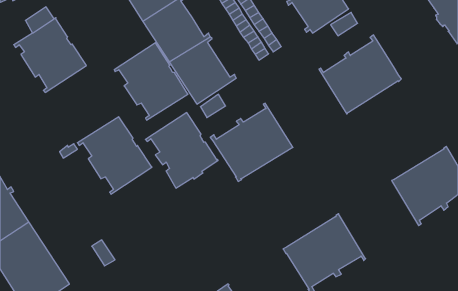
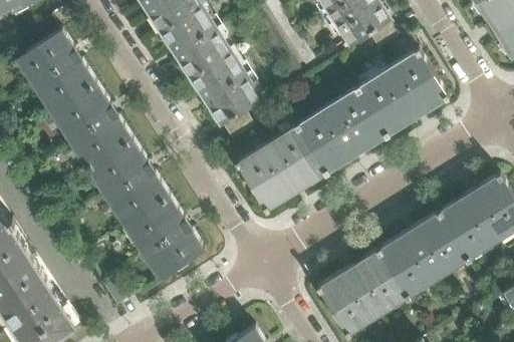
building: [114,43,188,120] -> [51,83,134,169]
building: none -> [297,87,389,175]
building: [145,113,218,188] -> [124,197,206,281]
building: none -> [379,212,469,299]

